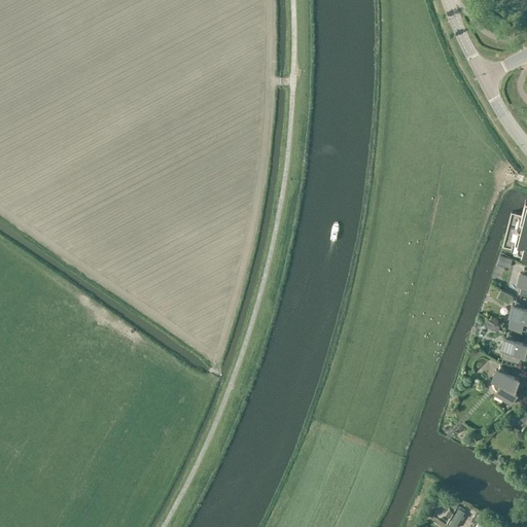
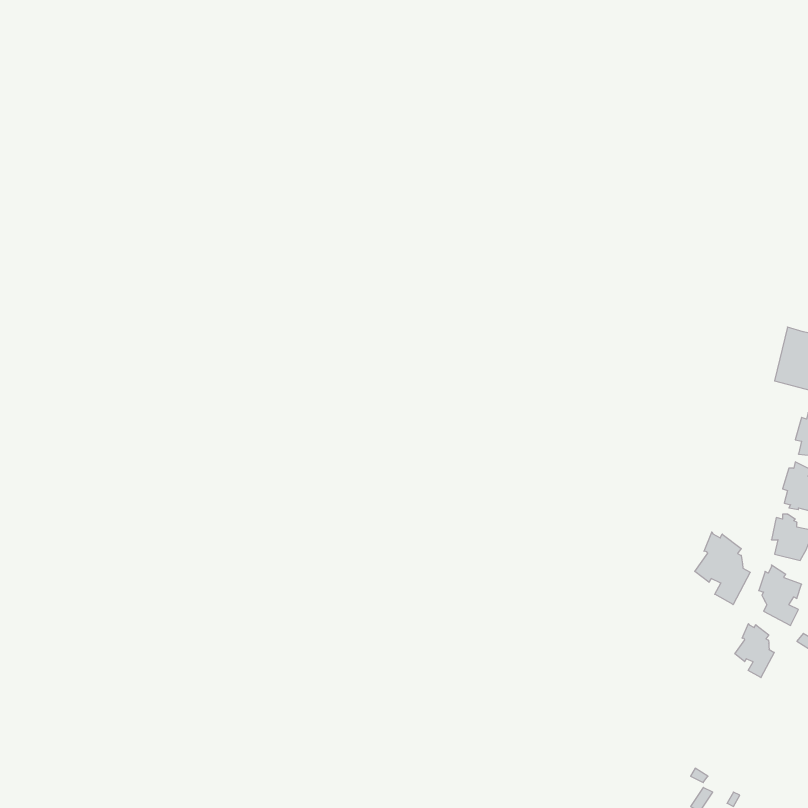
building: none -> [695,532,750,605]
building: none -> [735,624,774,678]

